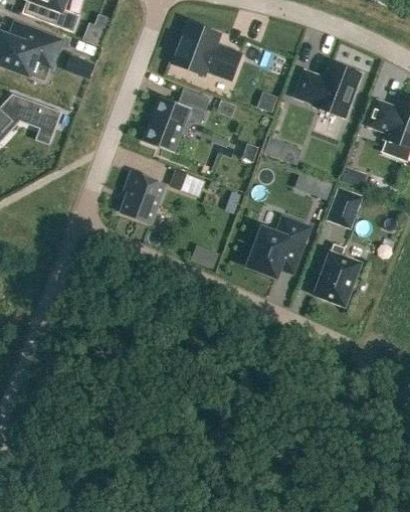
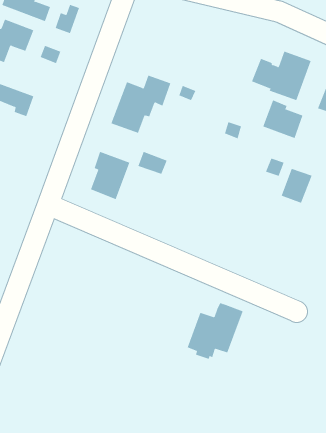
building: [172,21,240,78] -> none
building: none -> [262,99,303,139]
building: [247,217,309,279] -> [187,303,244,360]
building: [313,243,360,306] -> none

